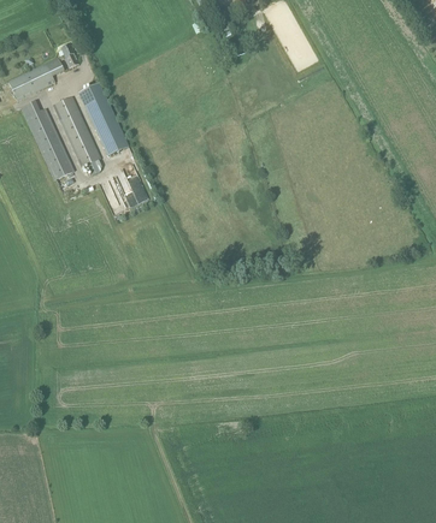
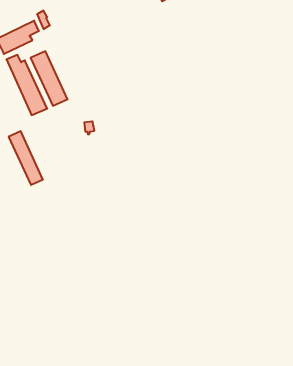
building: [79,85,124,155] -> [9,131,43,185]

